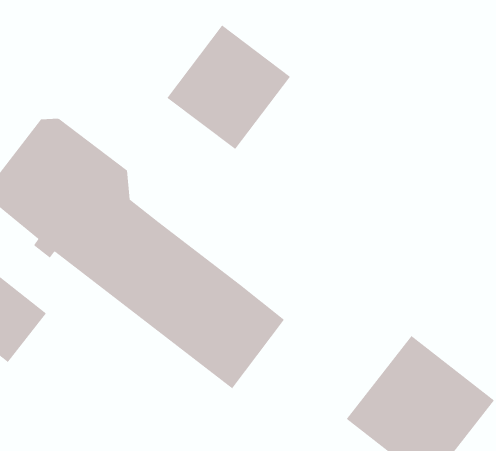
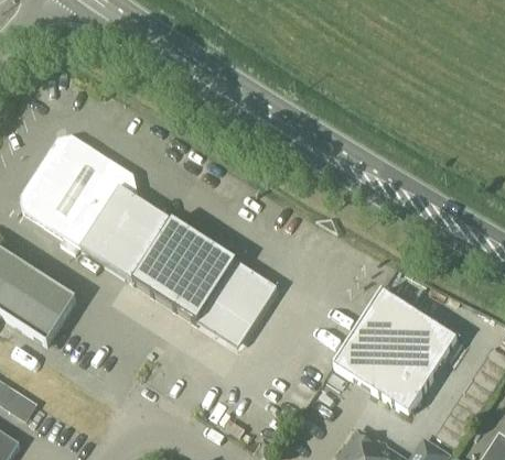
building: [167,25,291,150] -> none

